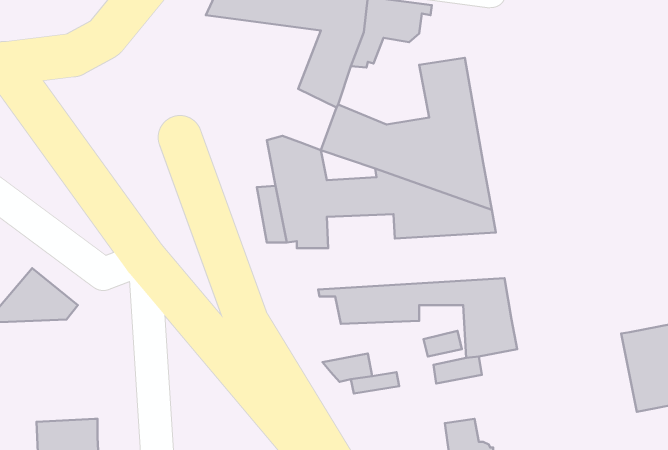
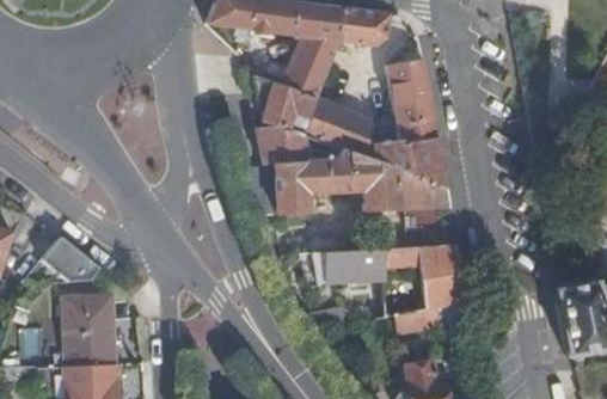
building: none -> [249,74,318,130]
building: none -> [43,293,115,364]

